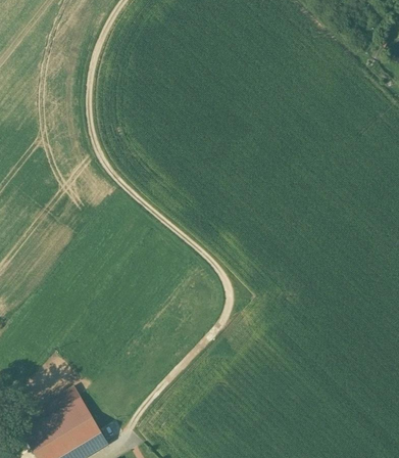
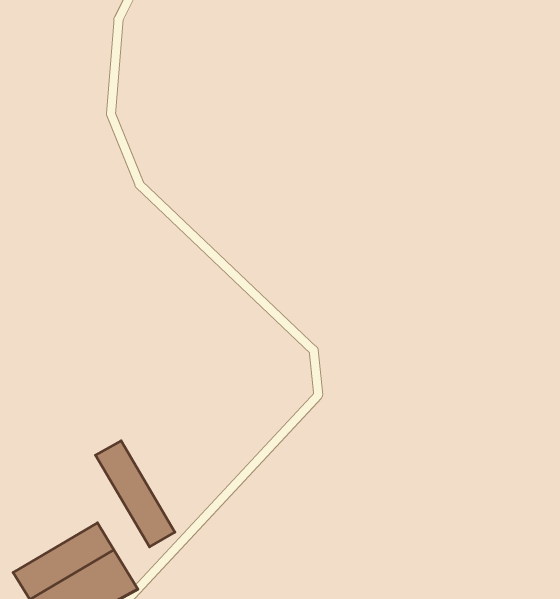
building: none -> [96,441,175,547]

